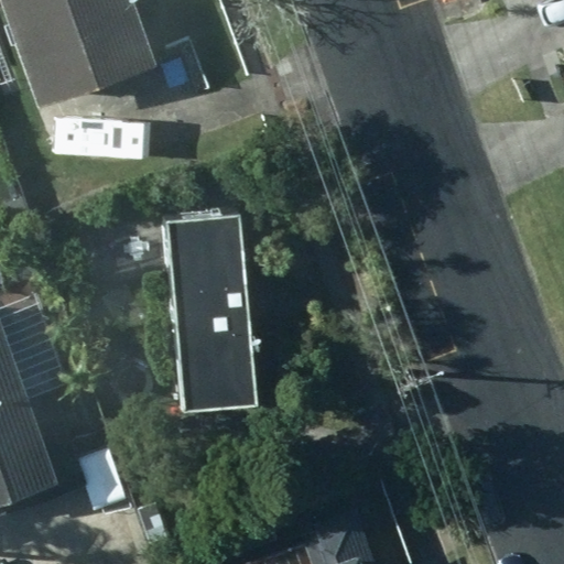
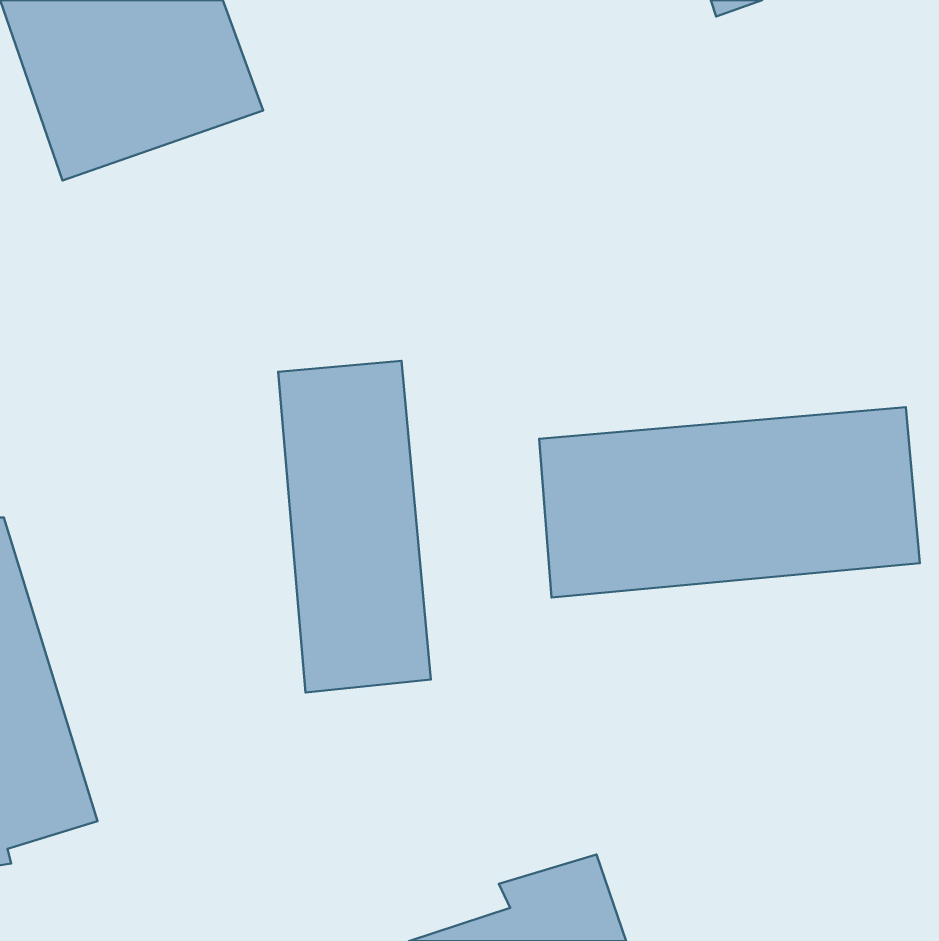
building: none -> [539,407,920,597]

